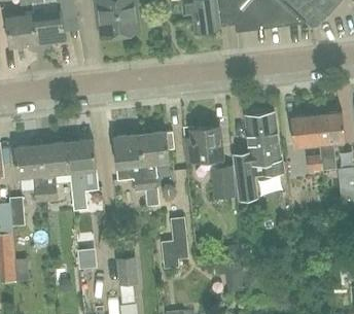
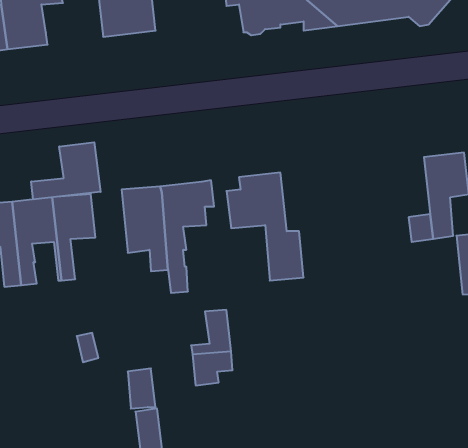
building: none -> [31,142,101,199]
building: [234,110,284,202] -> none
building: [291,115,319,146] -> none

